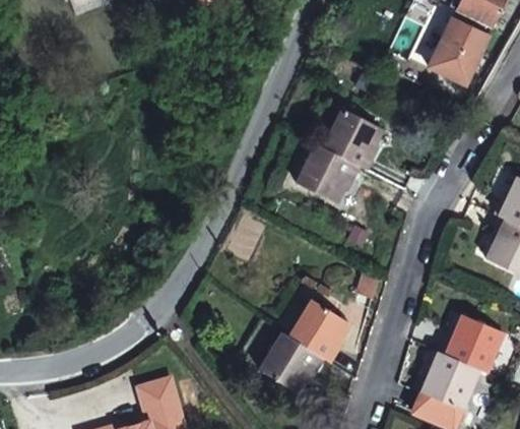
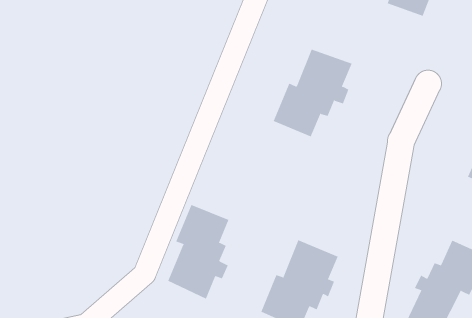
building: none -> [167,204,229,299]

